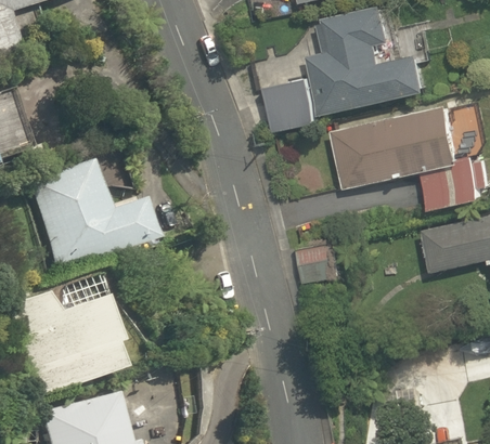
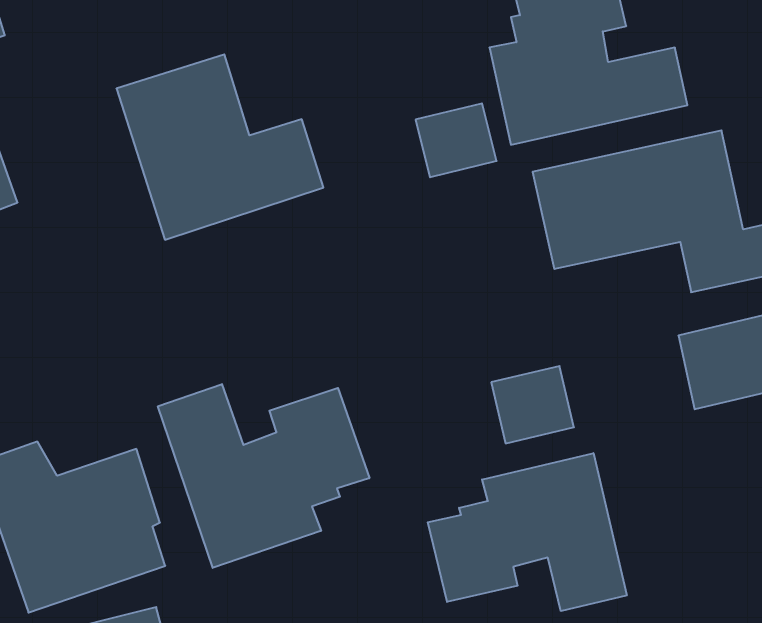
building: [24,159,149,271] -> [116,54,323,240]
building: none -> [158,384,369,568]
building: none -> [428,453,627,611]

